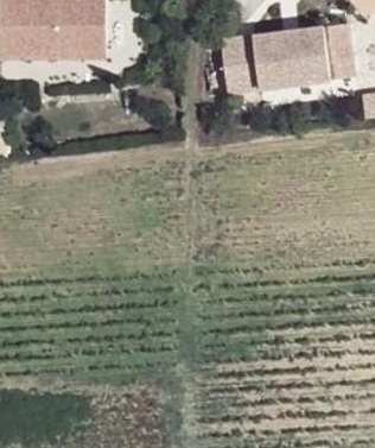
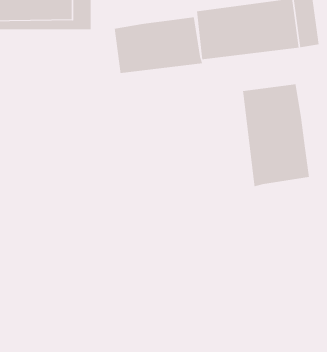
building: none -> [114,16,203,74]
building: none -> [243,83,310,187]

